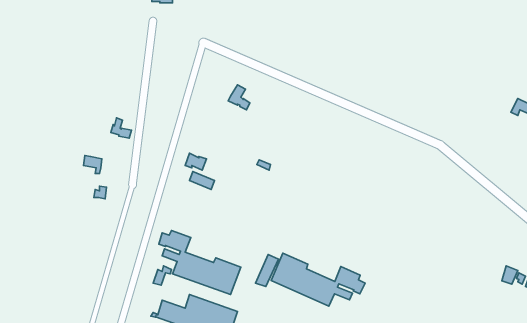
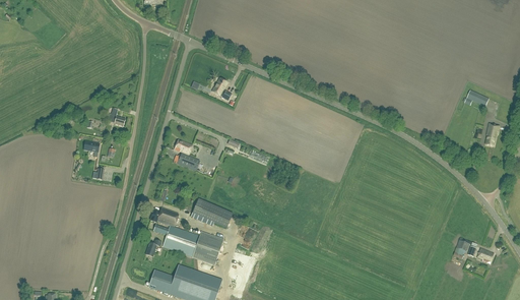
building: none -> [192,197,233,227]
building: [271,253,365,306] -> none

